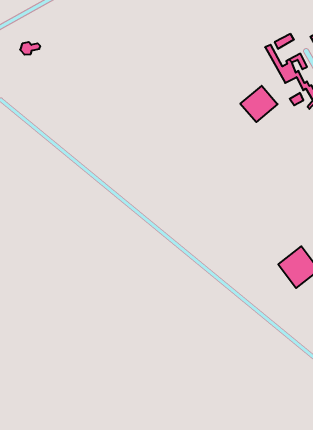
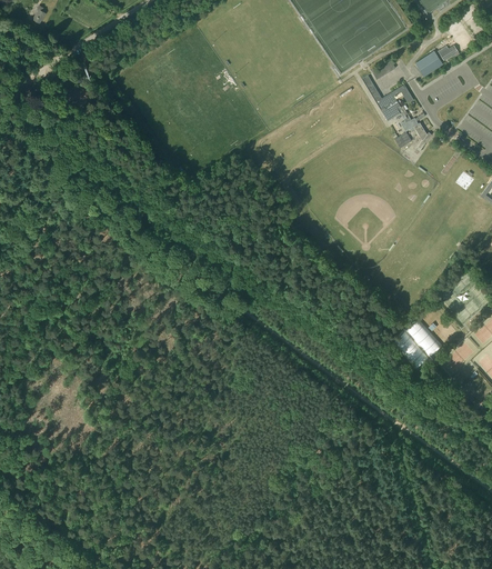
building: [240,86,278,122] -> none

